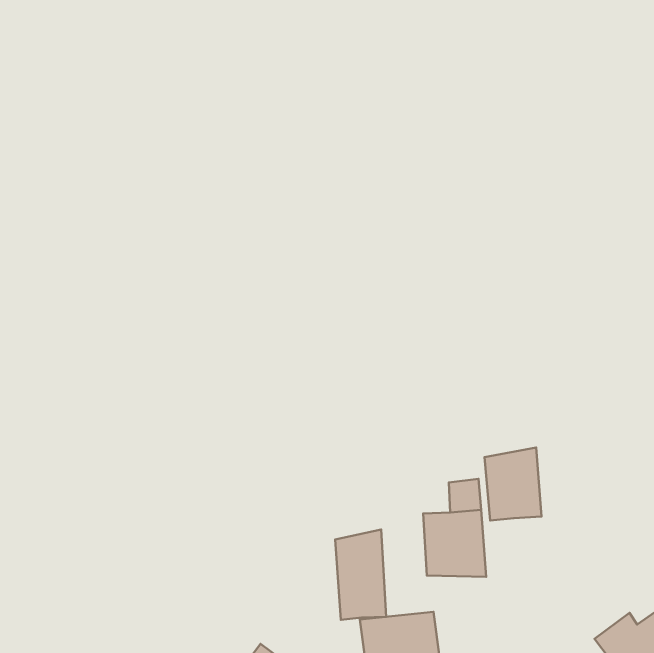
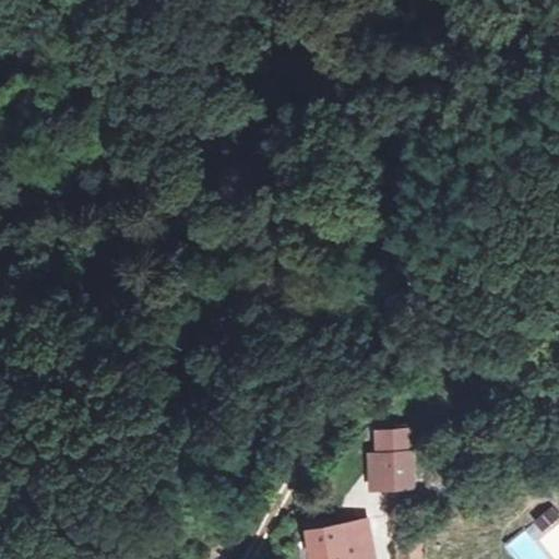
building: [485,448,541,521] -> none
building: [335,530,386,620] -> none

